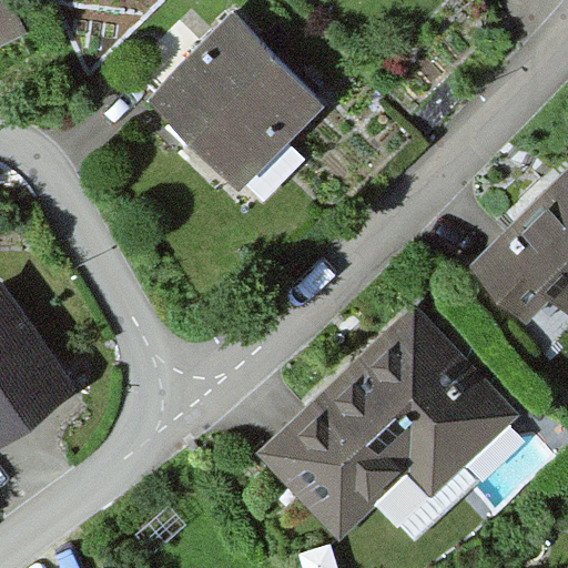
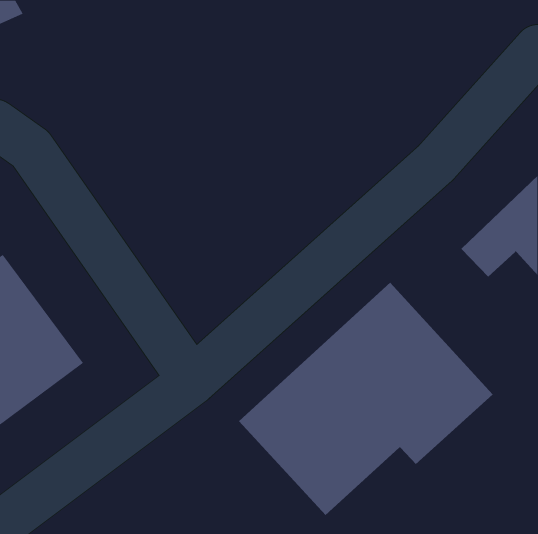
building: [154,22,321,187] -> none

